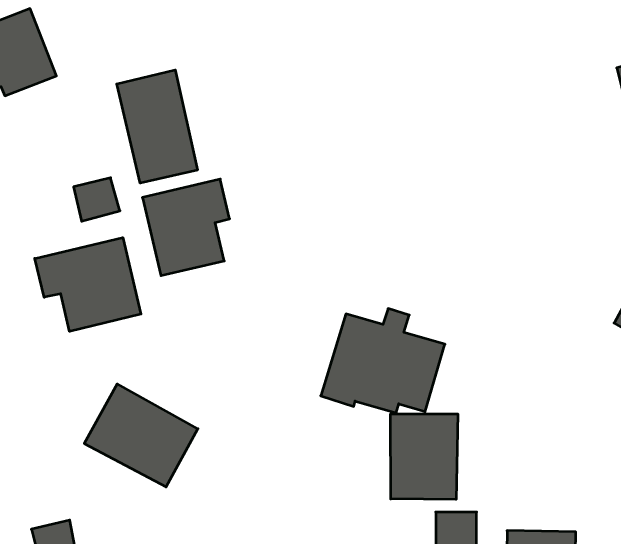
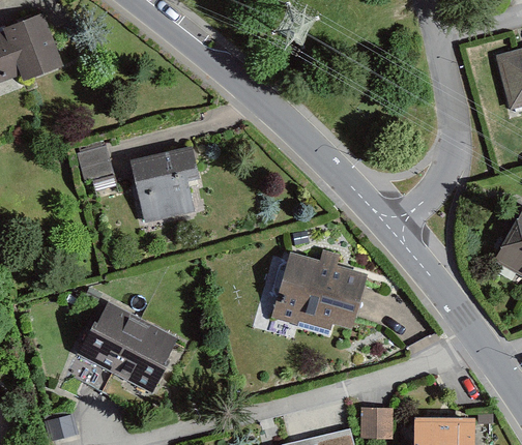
building: [117,70,197,183] -> none
building: [35,238,141,331] -> none
building: [391,414,458,499] -> none

